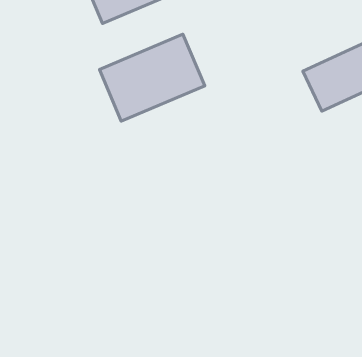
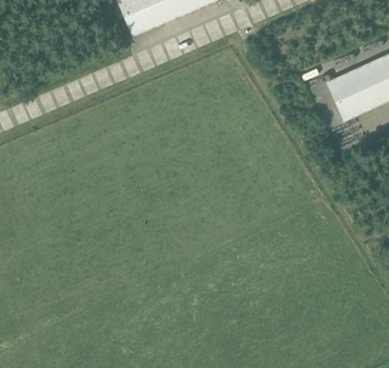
building: [100,34,205,121] -> none

